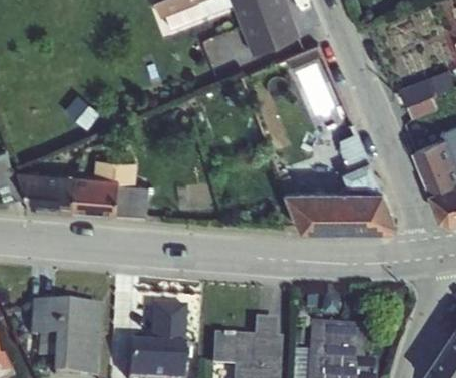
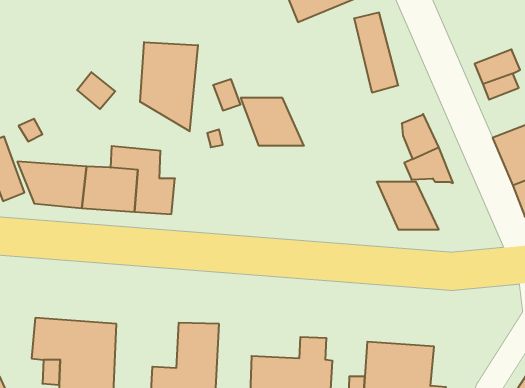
building: none -> [140,42,198,131]
building: [284,186,337,227] -> [241,98,304,146]
building: [352,186,396,227] -> none

